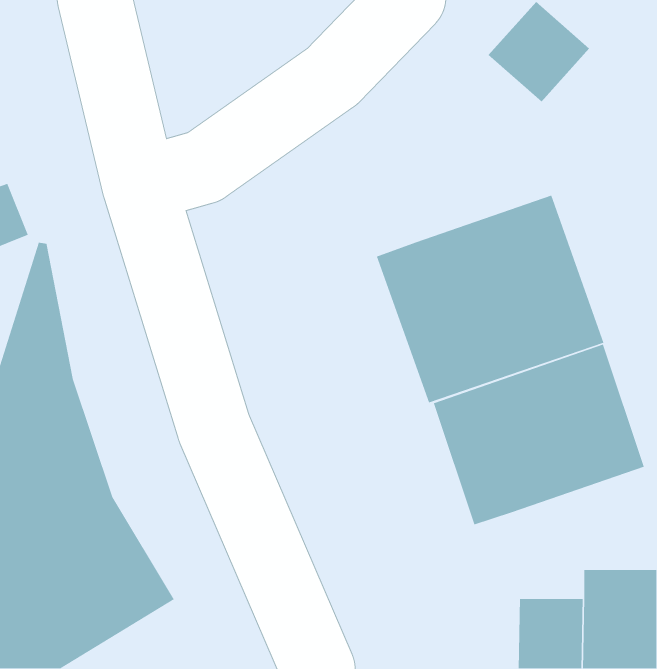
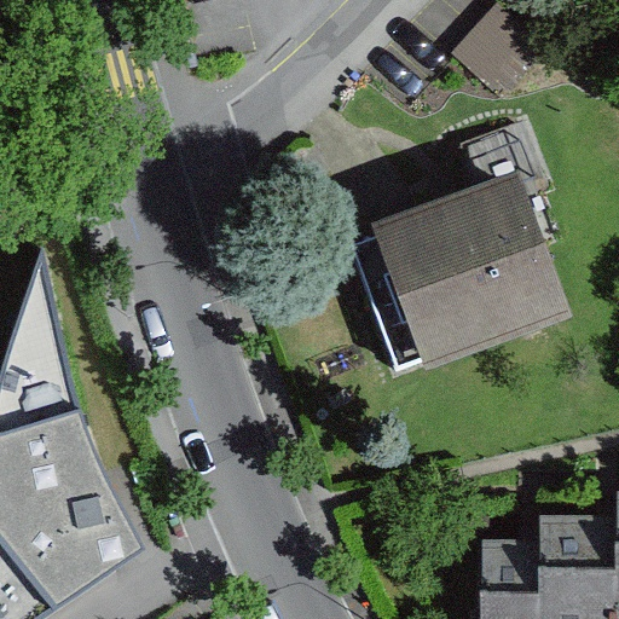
building: [433,343,645,526] -> none

